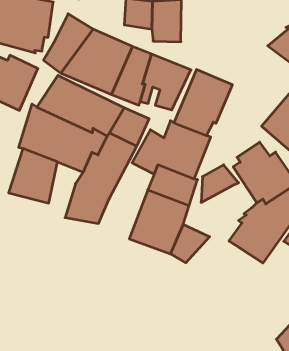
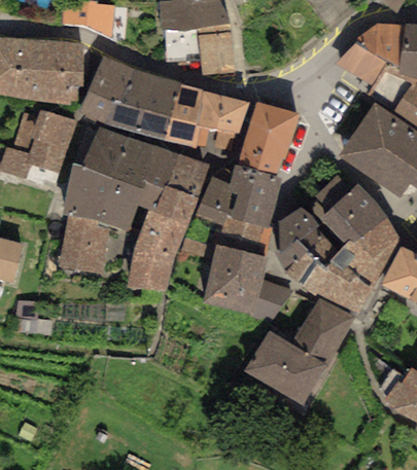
building: none -> [276,227,339,292]
building: none -> [244,297,354,405]

